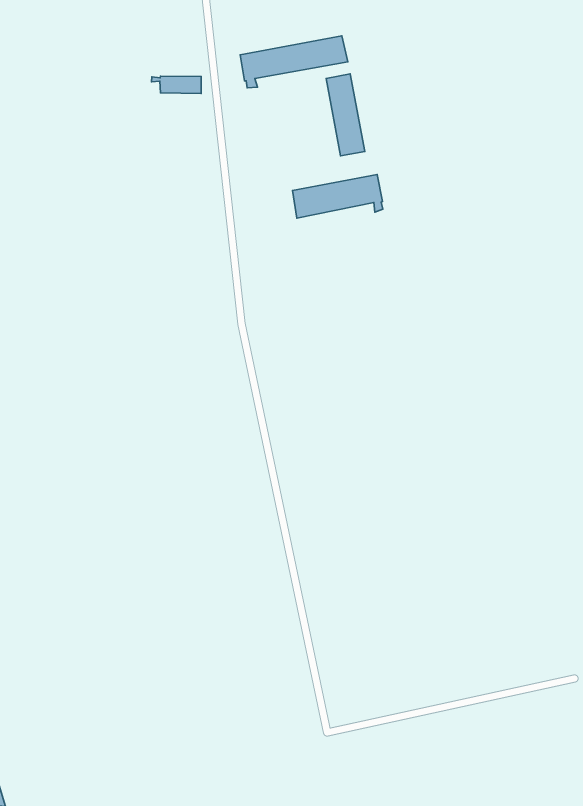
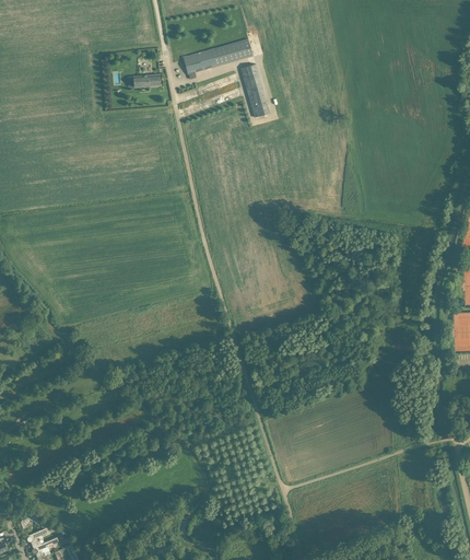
building: [293,175,383,218] -> none

